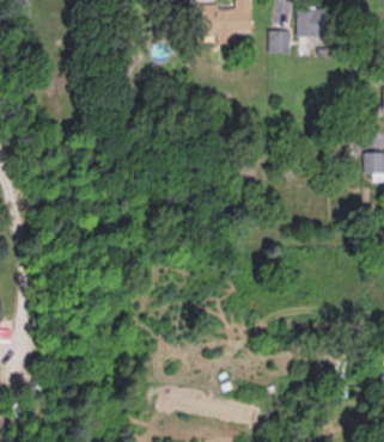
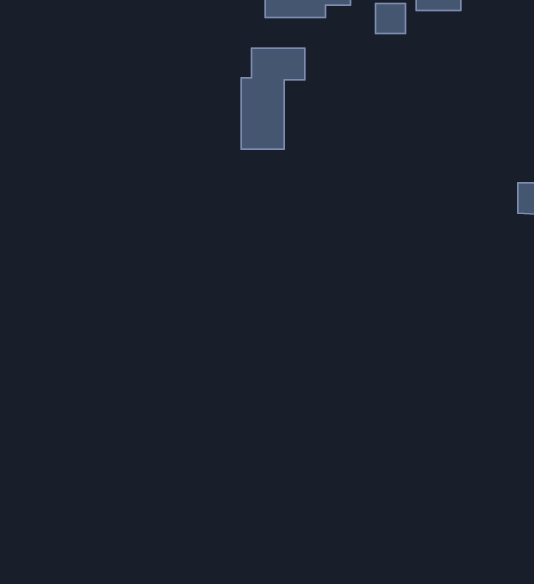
building: none -> [241,48,305,149]

